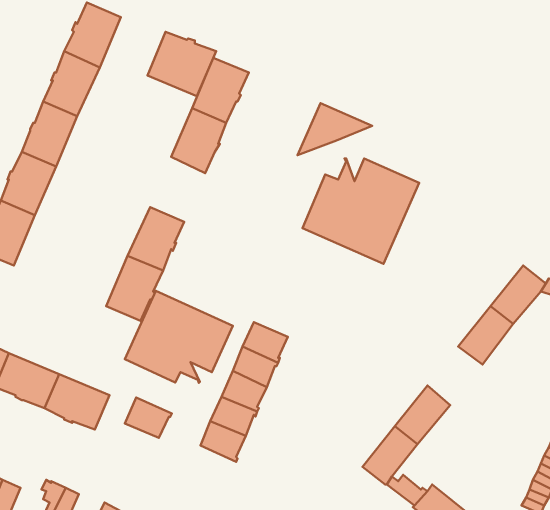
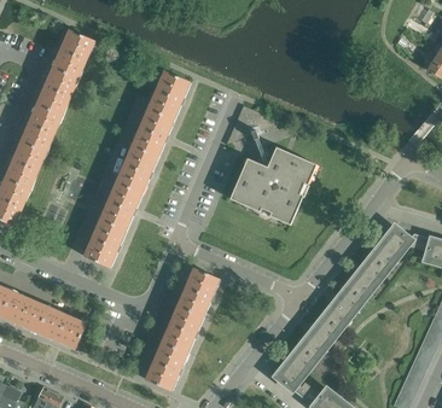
building: [147,32,216,96] -> none
building: none -> [116,145,157,193]
building: [125,291,233,383] -> none
building: none -> [322,286,364,330]
building: [125,397,172,438] -> [145,360,180,390]

